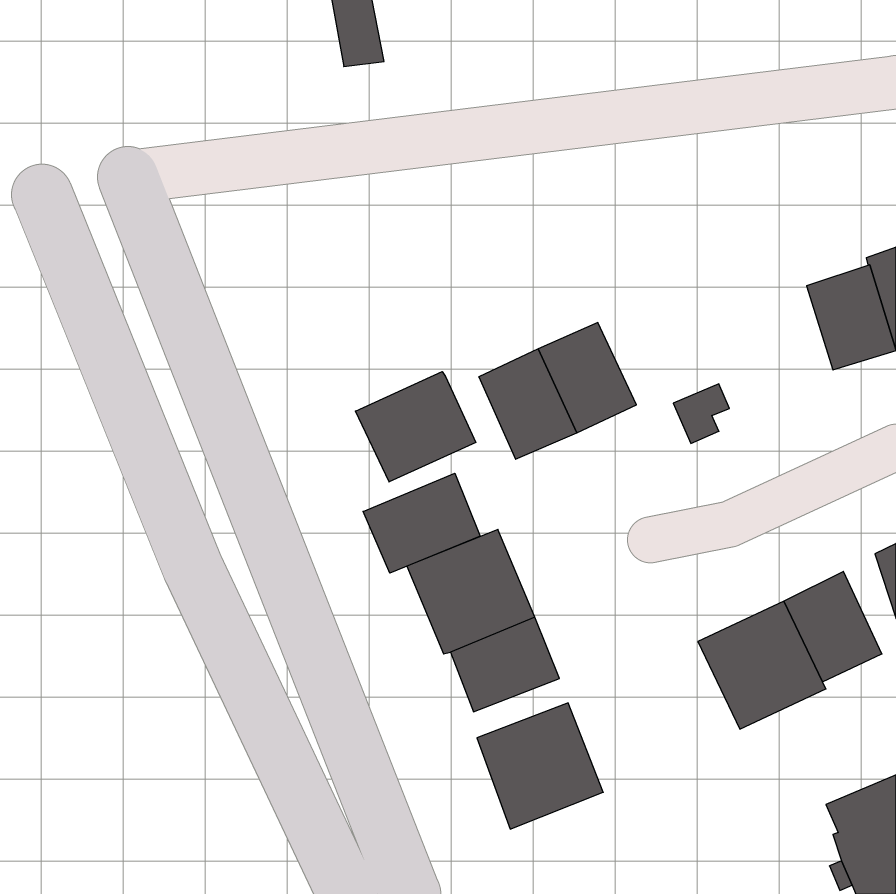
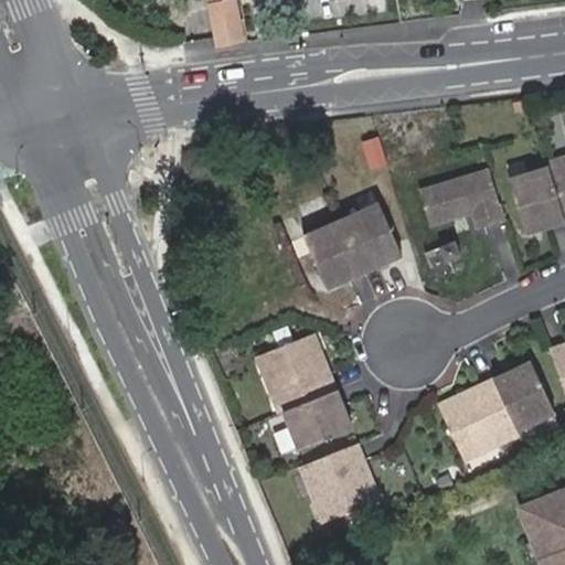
building: none -> [418,171,502,230]
building: [355,372,476,482] -> none
building: [363,473,480,573] -> none

